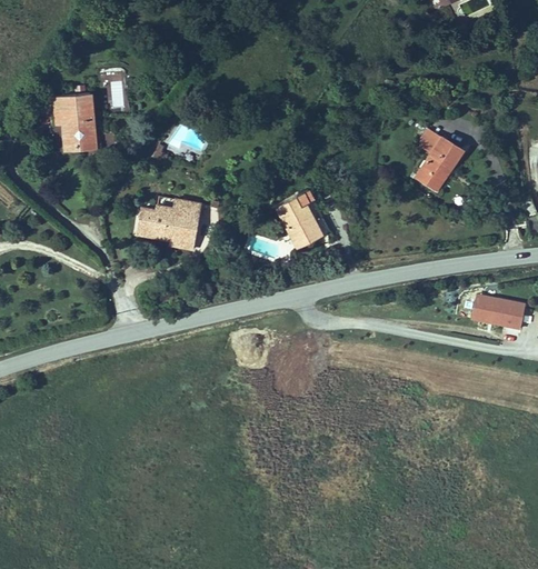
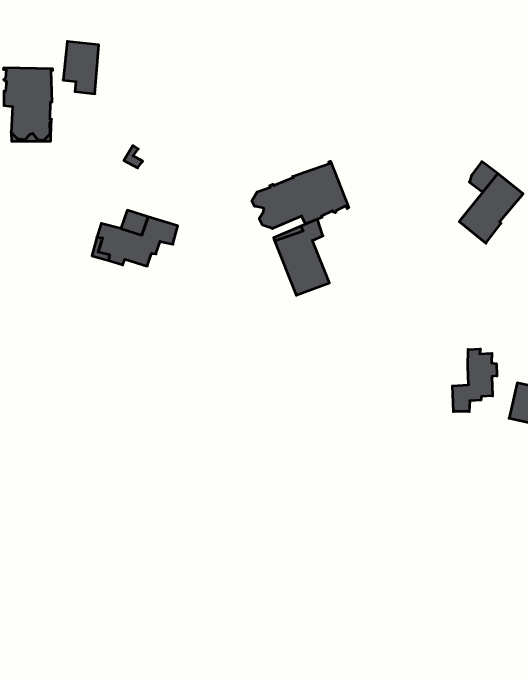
building: none -> [252,161,349,229]
building: [160,217,198,248] -> none
building: none -> [452,349,497,412]

